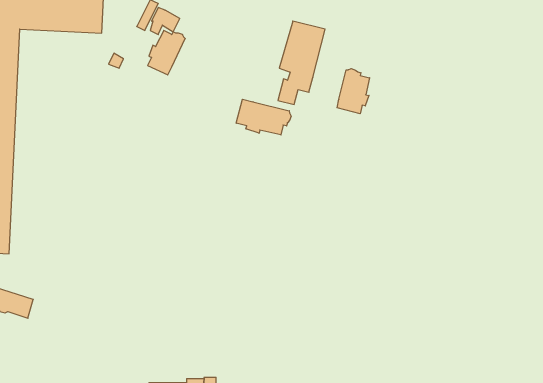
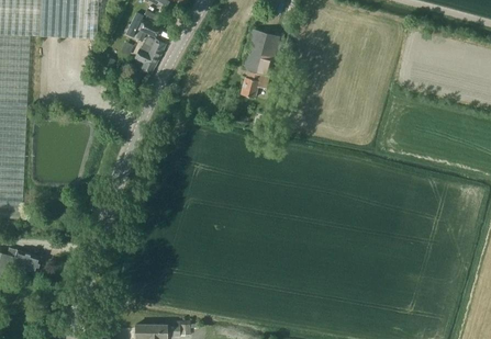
building: [337,69,370,114] -> none
building: [236,99,291,135] -> none

